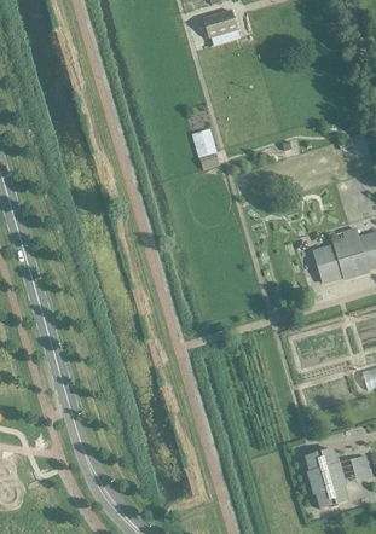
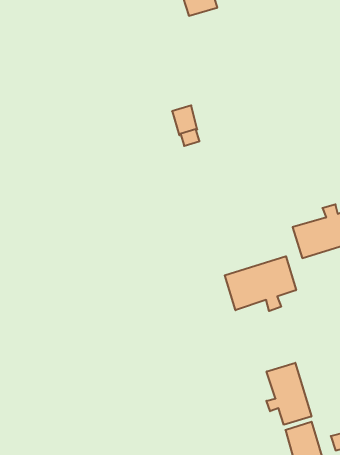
building: none -> [225,256,296,311]
building: none -> [266,363,311,425]

